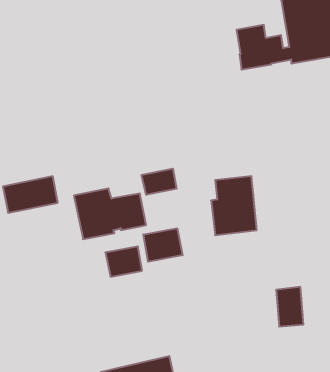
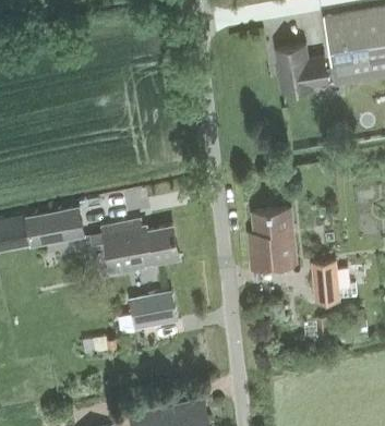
building: [142,169,177,195] -> none
building: [143,228,183,262] -> none
building: [276,287,303,327] -> [311,263,340,305]

